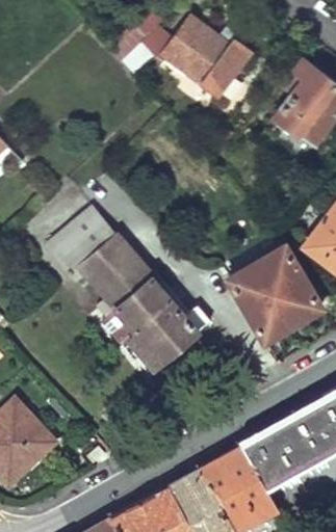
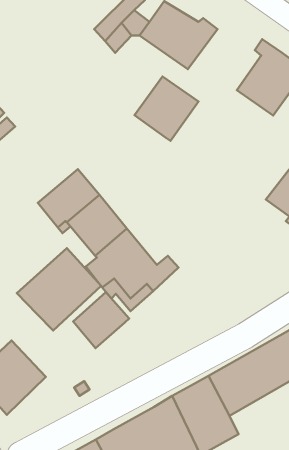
building: none -> [134,77,198,141]
building: [231,249,321,340] -> none
building: none -> [17,248,101,331]
building: none -> [73,292,129,348]

